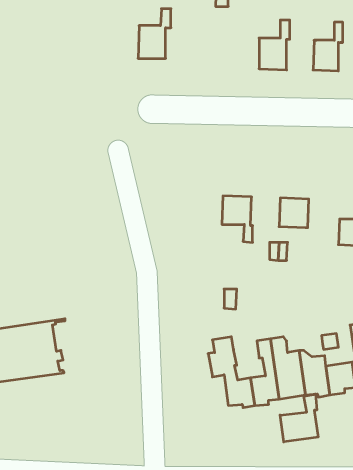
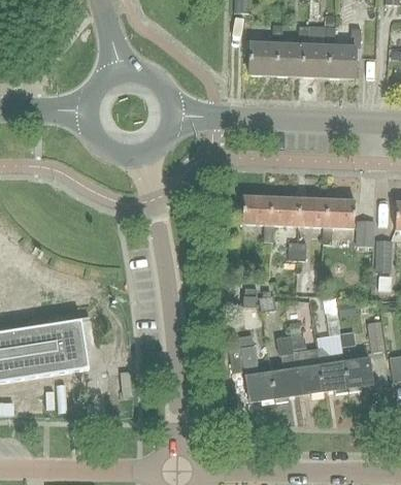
building: [138,9,171,58] -> [252,24,283,72]
building: none -> [305,26,334,73]
building: none -> [270,197,299,226]
building: none -> [323,199,355,244]
building: [280,394,318,442] -> none

